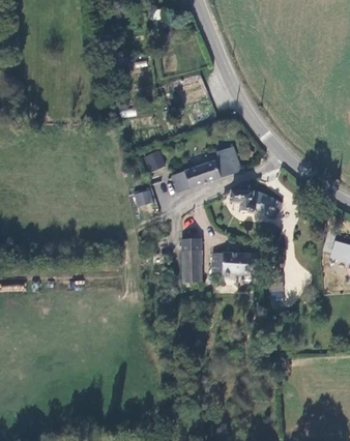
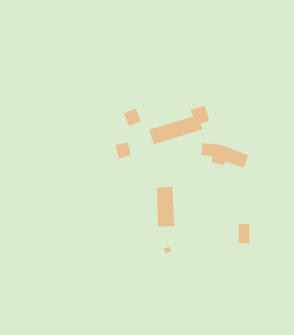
building: [210,251,249,274] -> none

